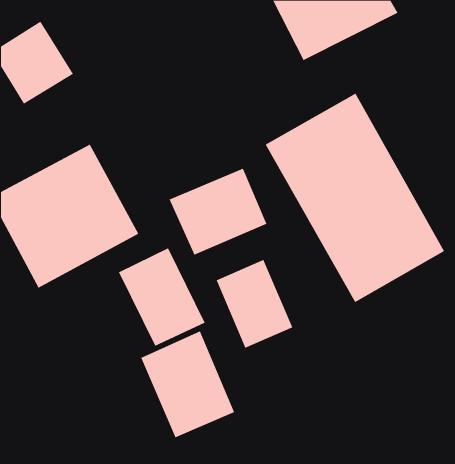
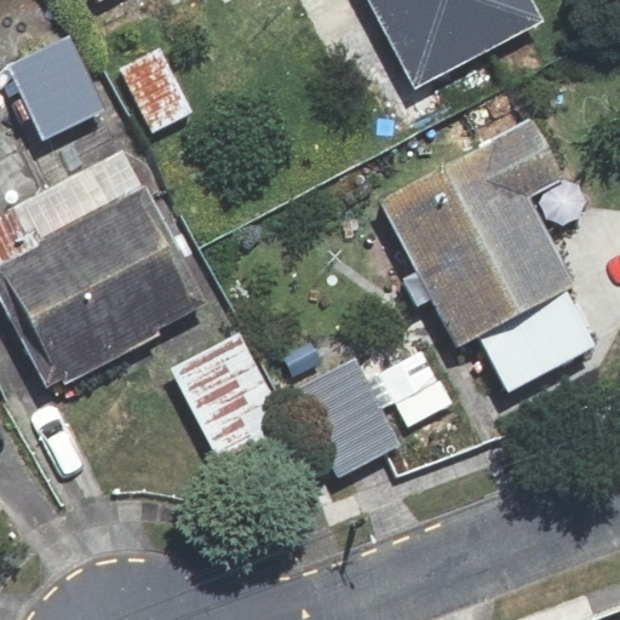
building: [169,168,267,255] -> none
building: [141,331,235,438] -> none

